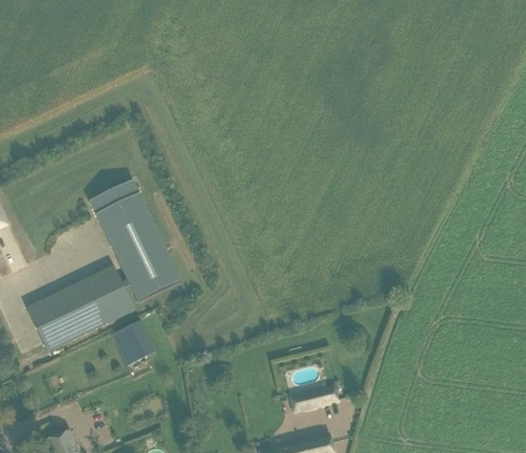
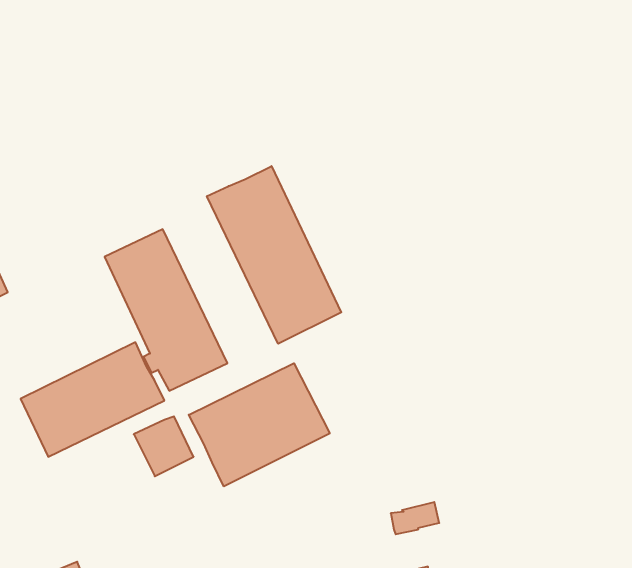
building: none -> [207,166,341,344]
building: none -> [189,363,330,486]

